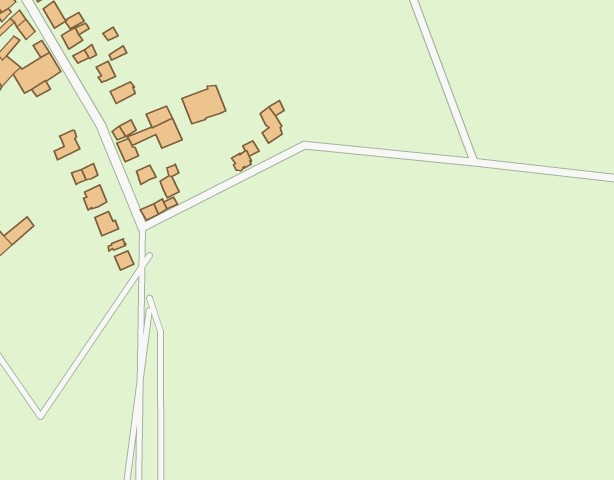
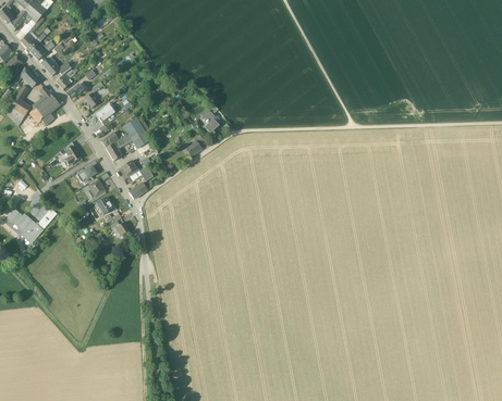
building: [182,86,226,124] -> none

